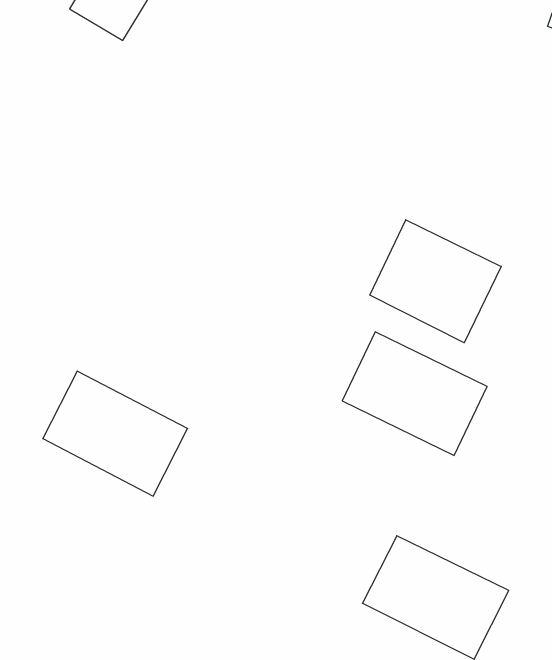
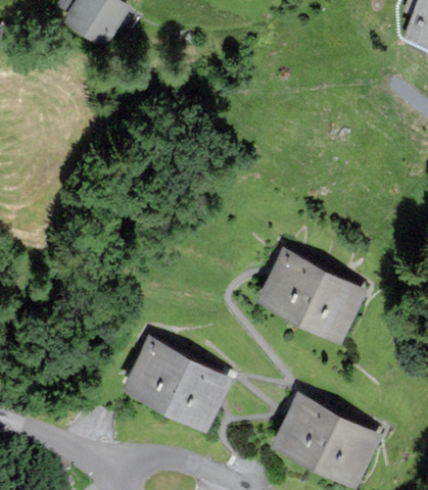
building: [370,220,501,343] -> none
building: [43,371,188,496] -> [125,340,228,429]

